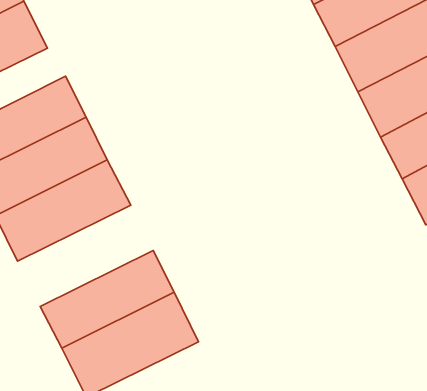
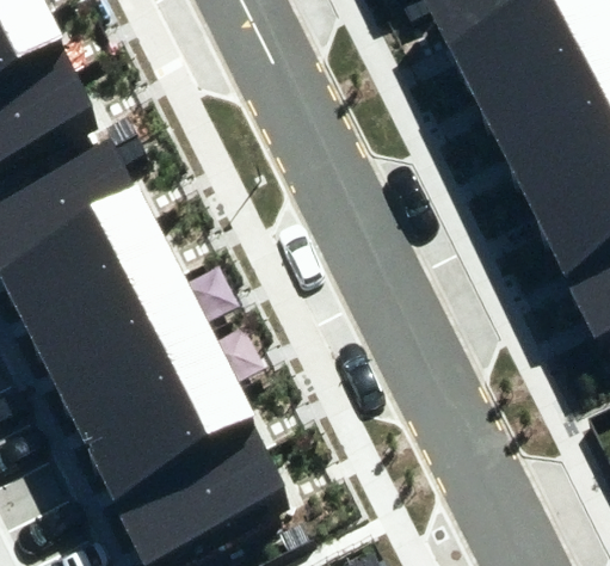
building: none -> [54,308,233,442]

